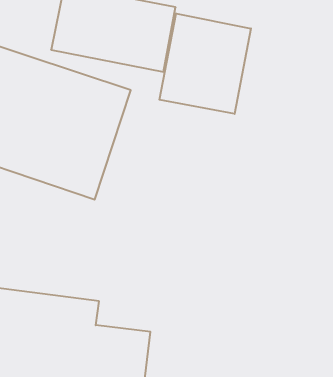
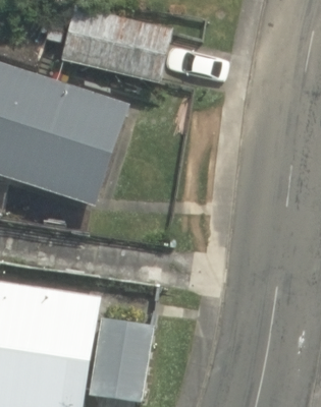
building: [159,13,251,114] -> none

